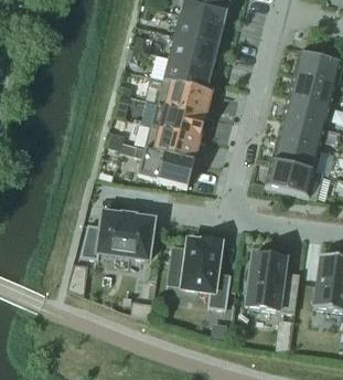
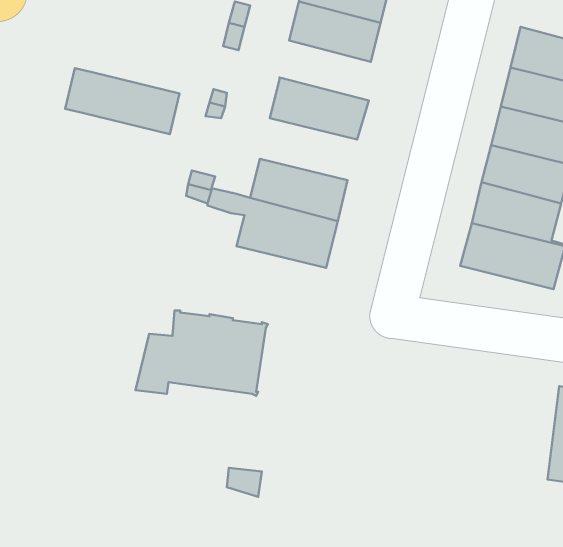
building: [161,57,213,92] -> none
building: [140,99,205,137] -> [65,68,180,134]
building: [175,237,229,308] -> none
building: [245,250,299,313] -> none

